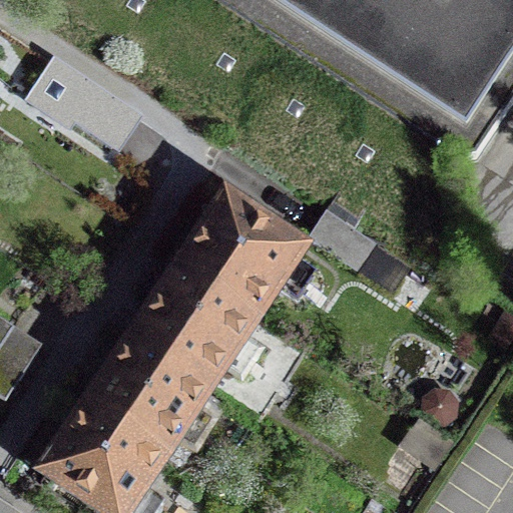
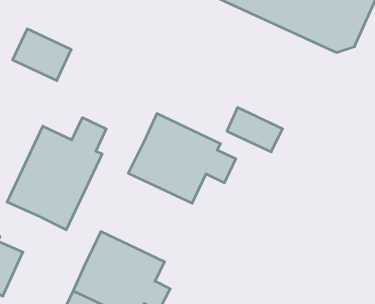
building: none -> [7,118,106,230]
building: [135,260,255,374] -> none

